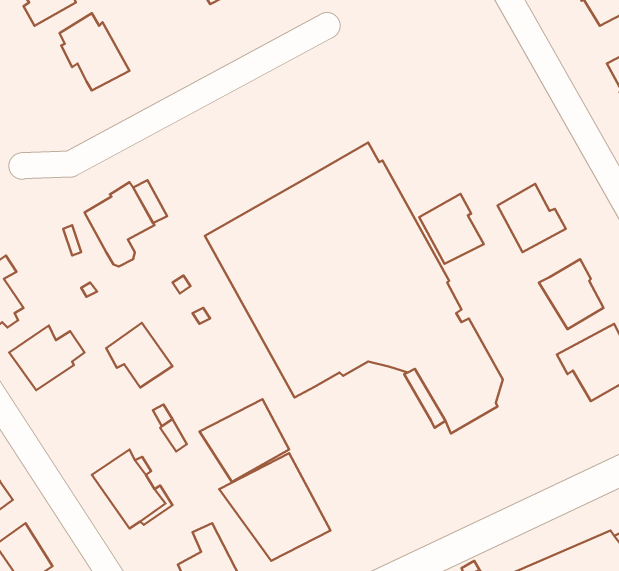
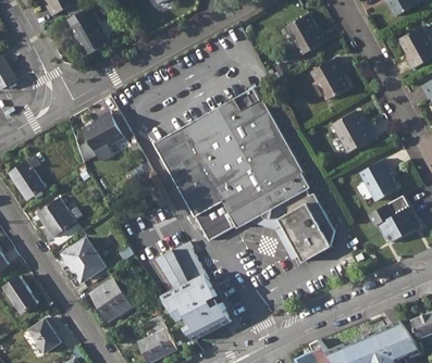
building: none -> [285,14,326,55]
building: [419,194,484,264] -> [310,58,349,100]
building: [106,323,173,388] -> [64,239,104,278]

